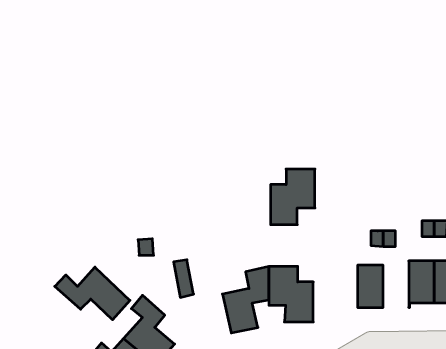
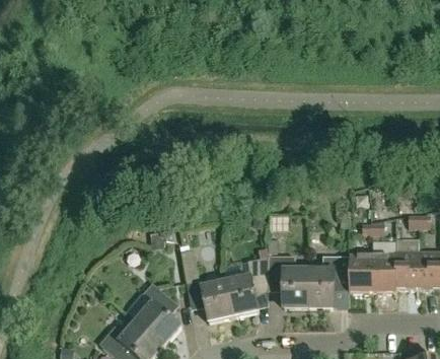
building: [271,169,315,225] -> [308,255,349,305]
building: none -> [372,254,395,292]
building: [55,267,130,320] -> none
building: none -> [200,280,233,321]

